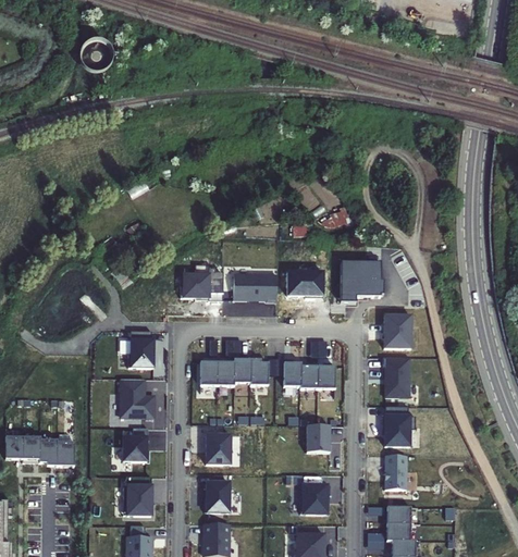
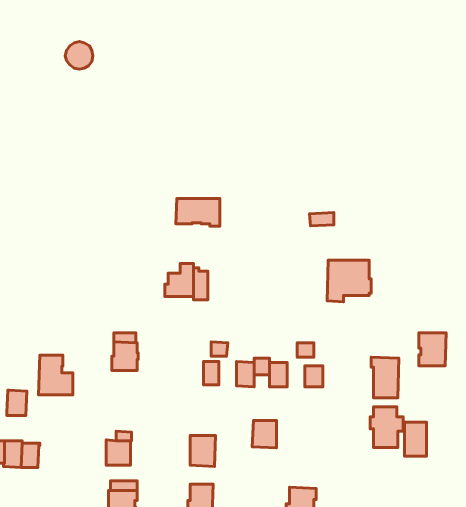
building: [288,268,324,296] -> none
building: [234,273,278,300] -> [176,199,220,226]
building: [385,314,412,347] -> [419,333,446,366]
building: [234,357,251,382] -> none
building: [200,359,219,383] -> none
building: [301,361,319,385] -> none
building: [121,380,155,419] -> [39,355,73,395]
building: [307,424,331,451] -> [252,420,277,448]
building: [55,443,75,468] -> [7,390,27,416]
building: [385,455,407,488] -> [404,422,427,456]

